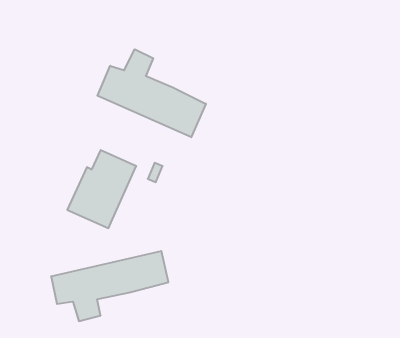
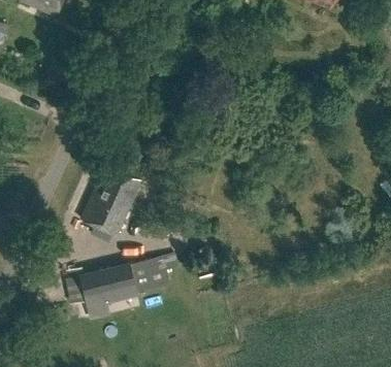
building: [97,49,206,137] -> none

